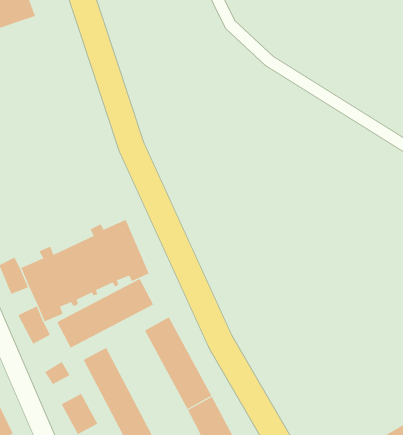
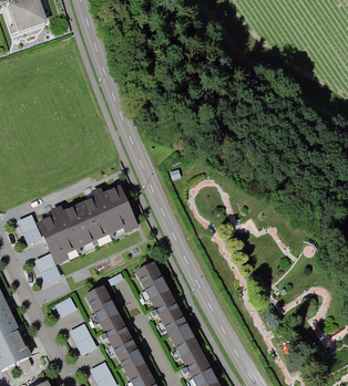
building: [57,278,154,349] -> none

